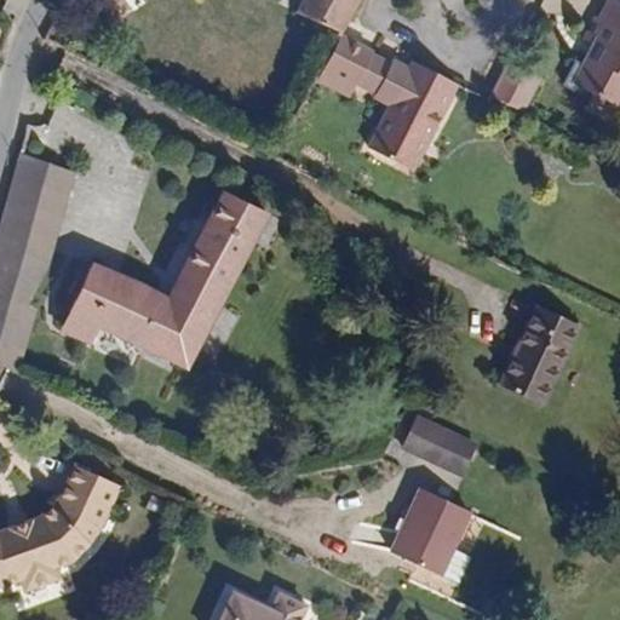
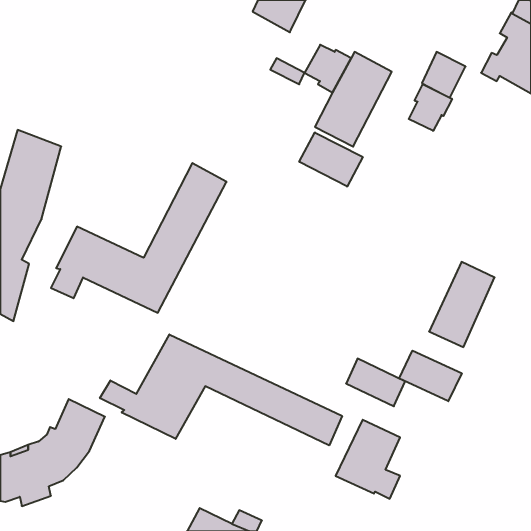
building: [322,35,373,85] -> none
building: none -> [409,84,452,131]
building: none -> [299,132,363,187]
building: none -> [100,334,342,445]
building: none -> [399,351,462,401]

